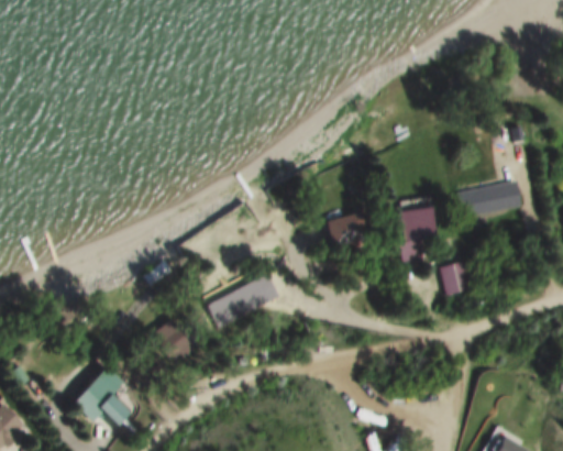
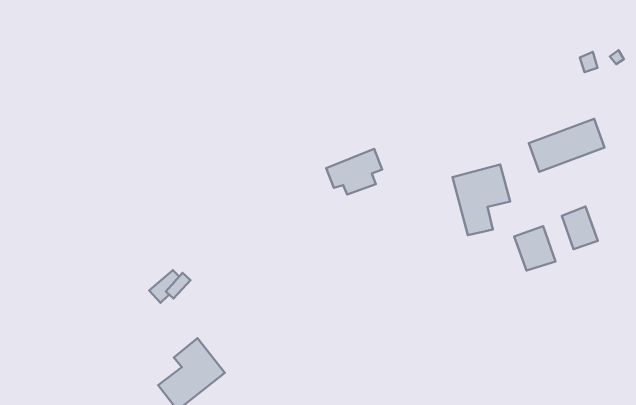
building: [325,211,371,245] -> [326,149,382,194]
building: none -> [562,206,598,249]
building: [216,283,268,324] -> none

